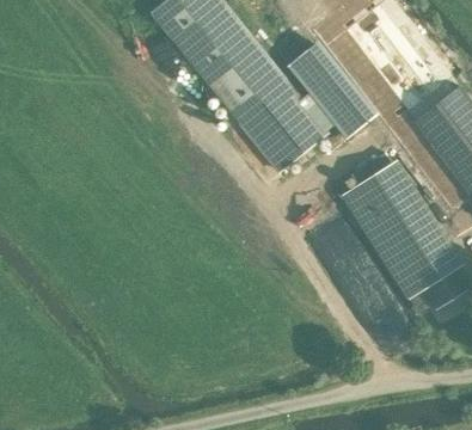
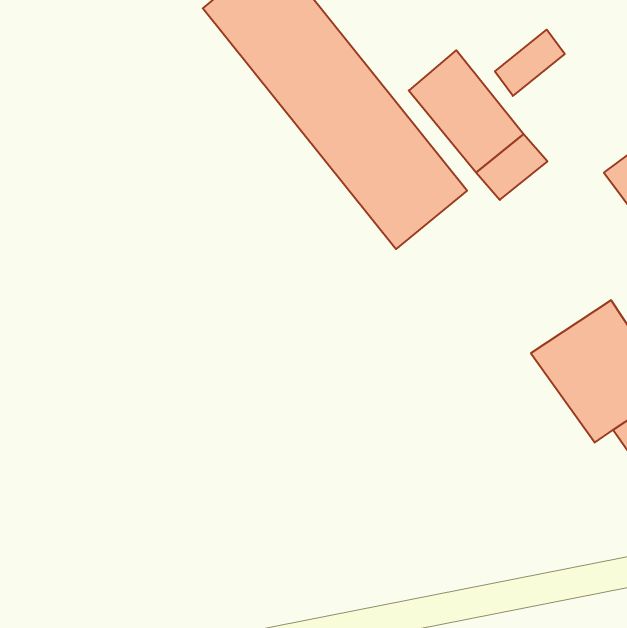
building: none -> [495,30,565,96]
building: [341,162,421,239] -> none

